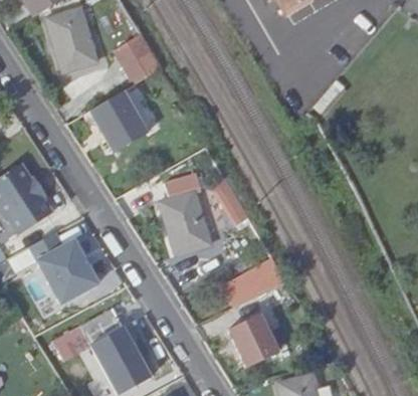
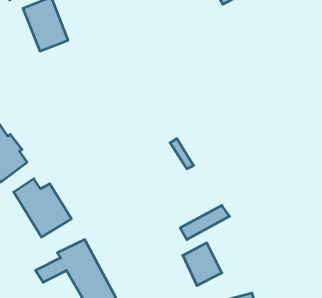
building: [118,42,158,86] -> none
building: [93,94,151,155] -> none
building: [155,179,212,252] -> none

